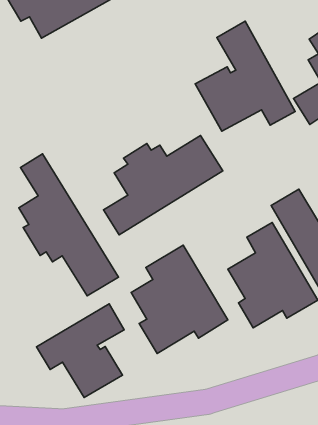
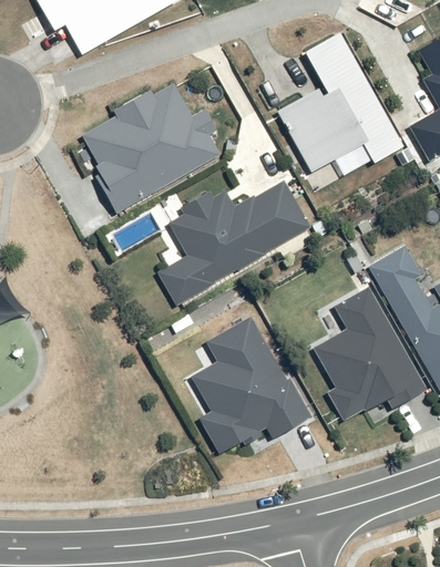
building: none -> [83,83,223,214]
building: [19,154,119,296] -> none
building: [37,304,124,397] -> none

